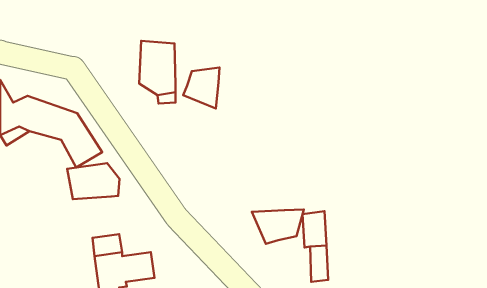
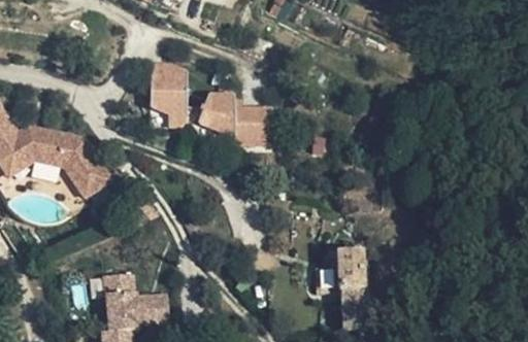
building: none -> [233,108,276,153]
building: [67,163,119,199] -> none
building: [252,210,304,244] -> none

